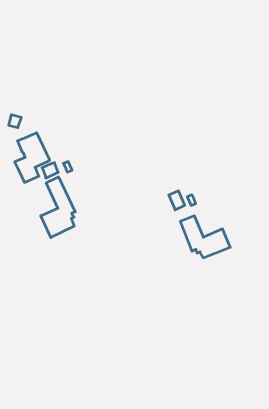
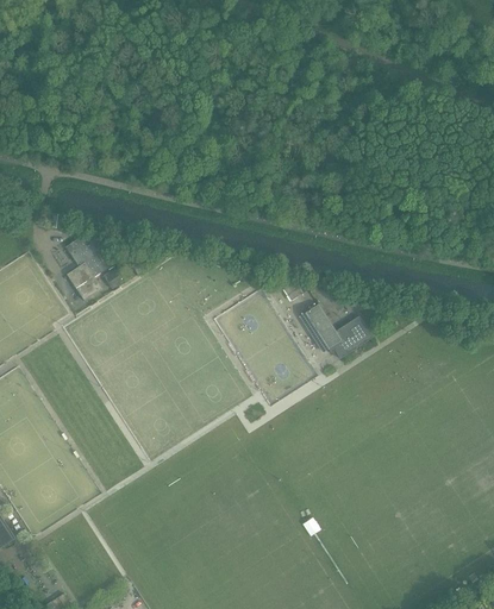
building: [41,177,75,238] -> none

